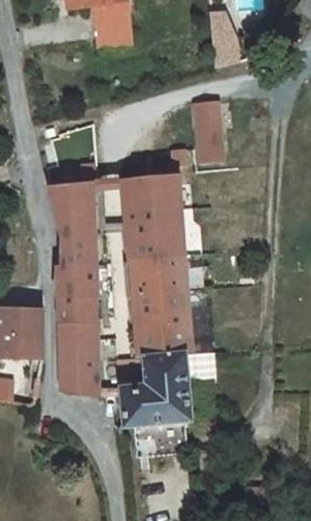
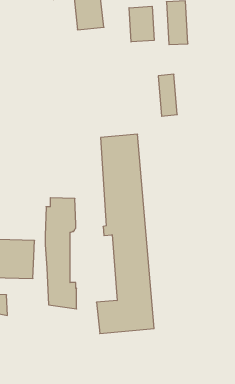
building: none -> [129,6,154,42]
building: [50,184,95,257] -> none
building: [99,190,123,228] -> none

